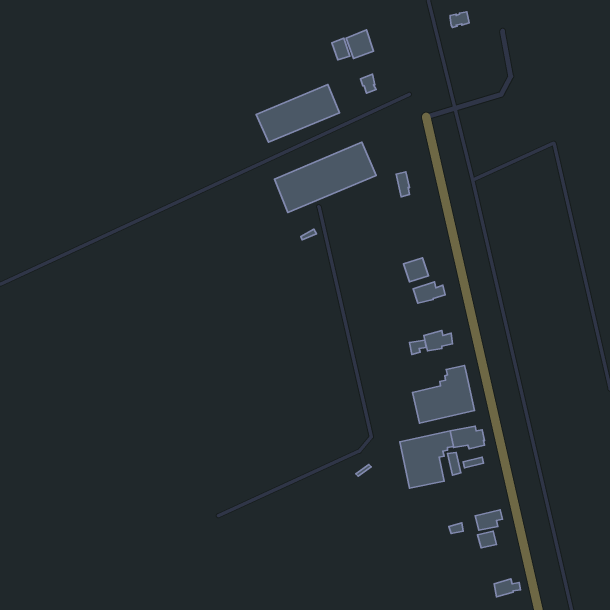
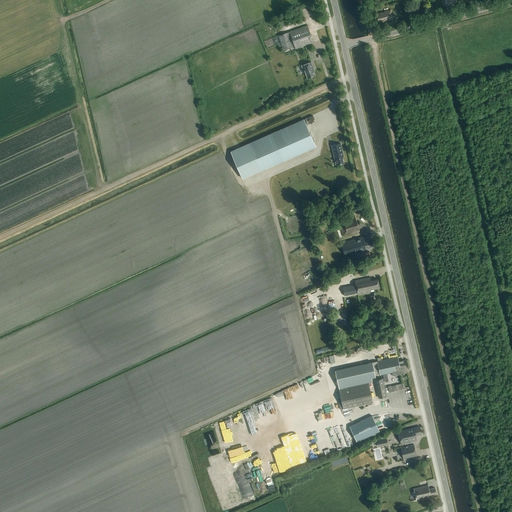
building: [256,85,339,142] -> none
building: [412,366,474,423] -> none
building: none -> [349,416,378,442]

